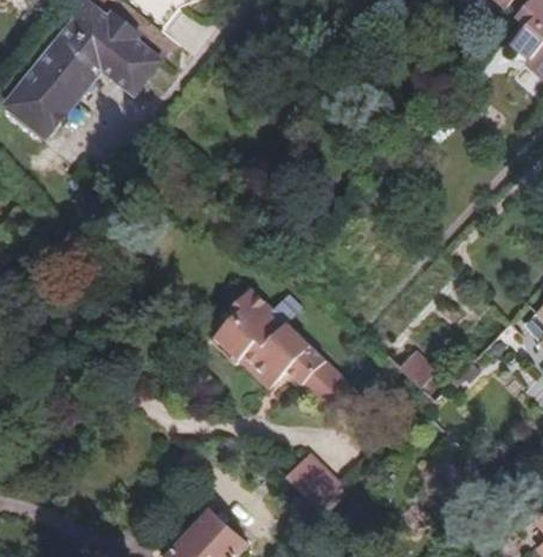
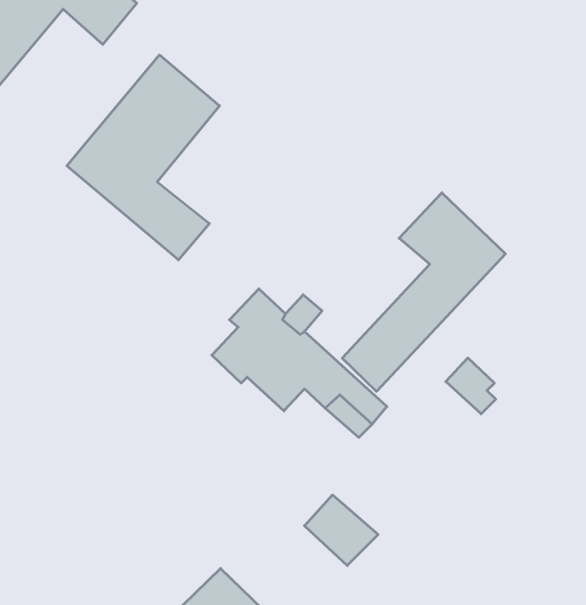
building: none -> [67,55,220,260]
building: none -> [342,193,505,391]

